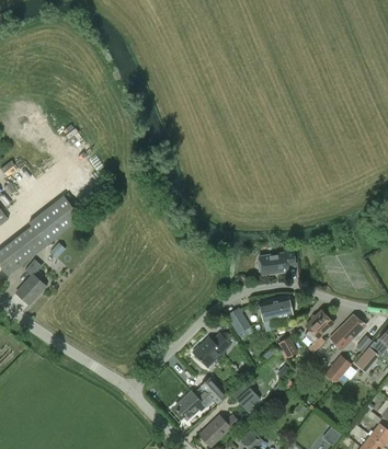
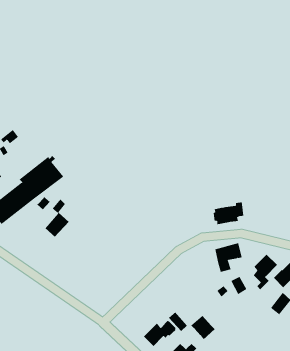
building: [16,258,46,304] -> [44,198,70,237]
building: [226,307,253,339] -> none
building: [193,333,231,365] -> none

